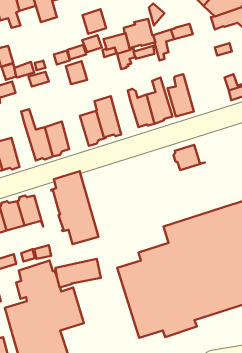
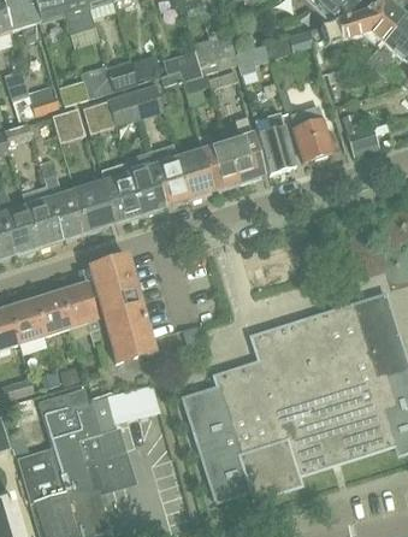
building: [83,9,106,34] -> [130,83,165,119]
building: none -> [82,99,114,132]
building: none -> [291,107,333,160]
building: none -> [177,149,214,200]
building: none -> [101,172,141,222]
building: none -> [22,184,63,248]
building: [173,145,205,170] -> none
building: none -> [60,282,104,346]

